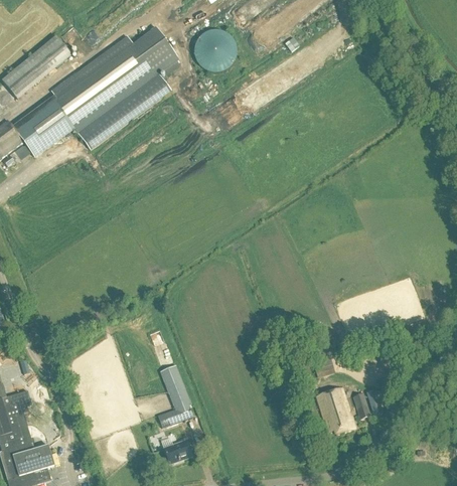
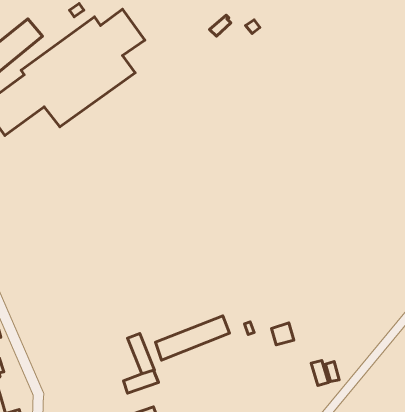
building: [192,28,236,70] -> none
building: none -> [156,316,229,360]
building: [315,386,353,434] -> none

